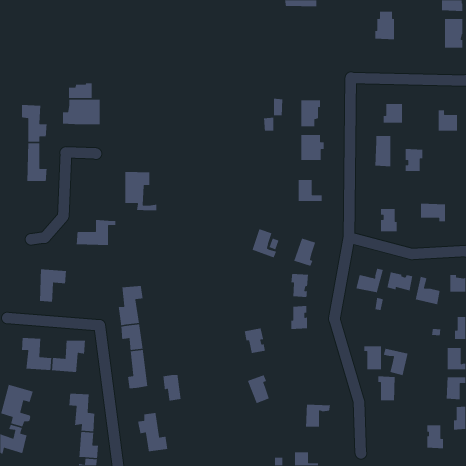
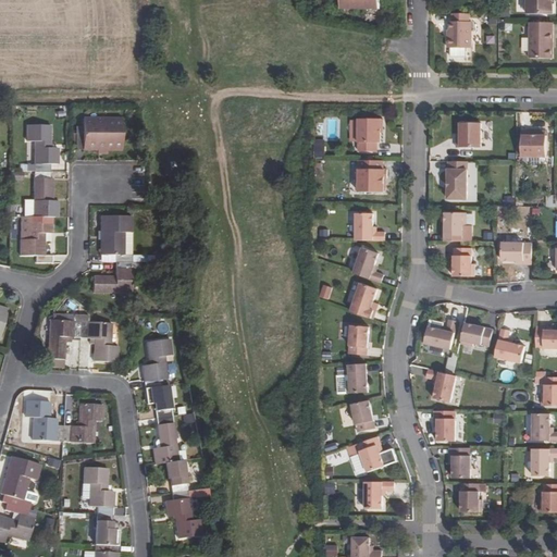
building: [68,83,93,99] -> none
building: [405,148,423,172] -> [444,212,466,240]
building: [124,171,157,211] -> [99,214,138,262]
building: none -> [18,215,51,262]
building: [251,228,277,258] -> [352,247,383,283]
building: none -> [78,322,115,362]
building: [244,327,266,354] -> [348,400,374,432]
building: [383,348,409,376] -> [425,369,456,403]
building: [162,374,182,401] -> [163,460,186,493]
building: [247,374,270,404] -> [356,436,383,472]
building: [426,424,444,449] -> [461,483,482,512]

